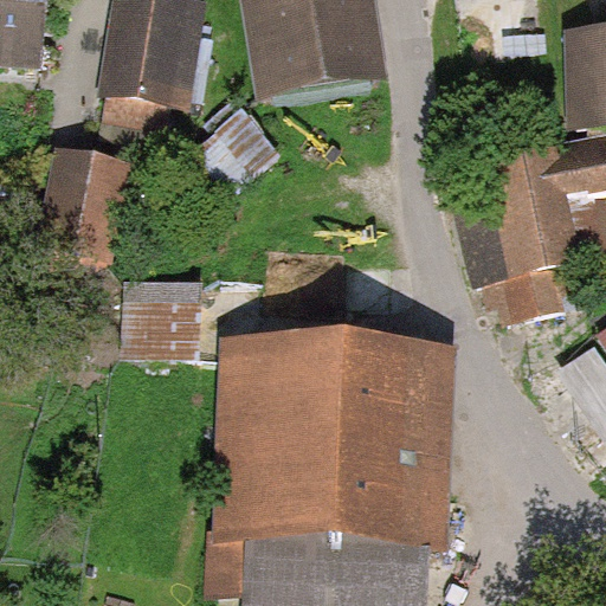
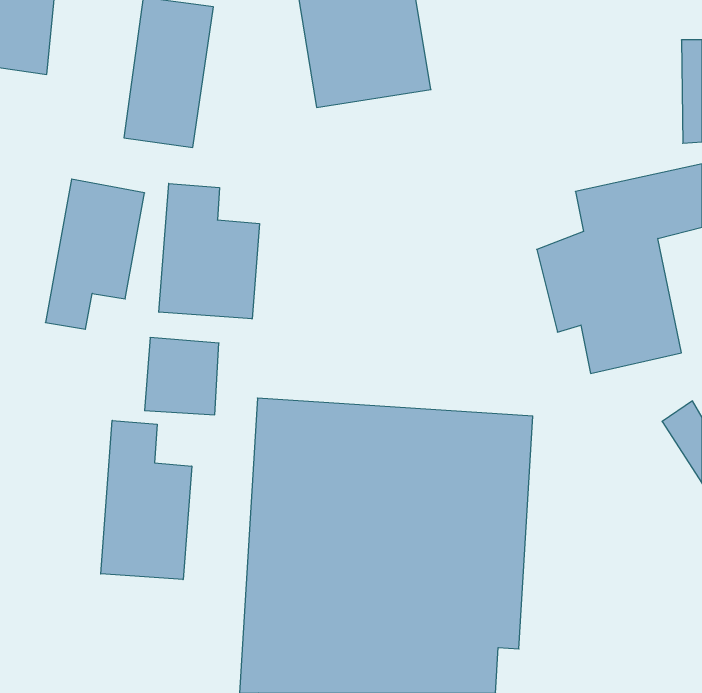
building: none -> [159,183,259,319]
building: none -> [101,420,192,580]

